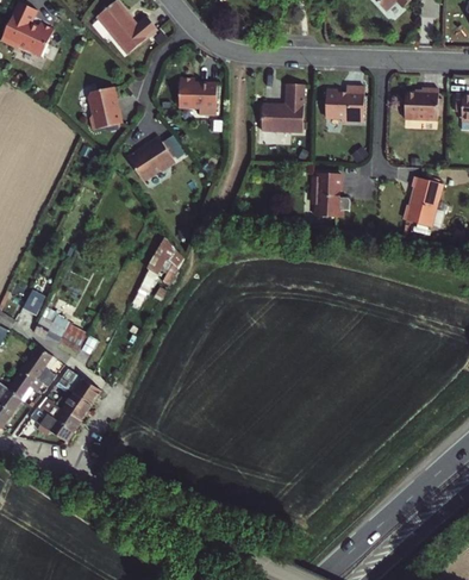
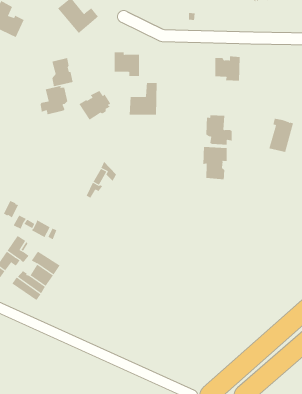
building: [261,85,302,132] -> [129,83,158,115]
building: [404,88,438,120] -> none
building: none -> [40,85,68,115]
building: none -> [203,146,227,180]

